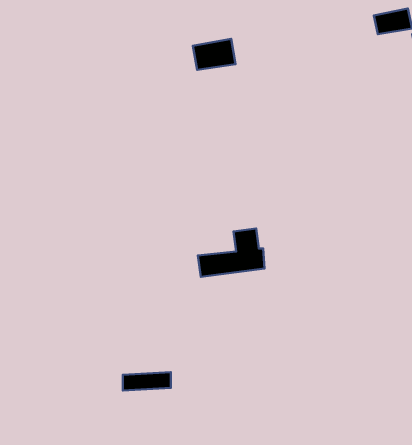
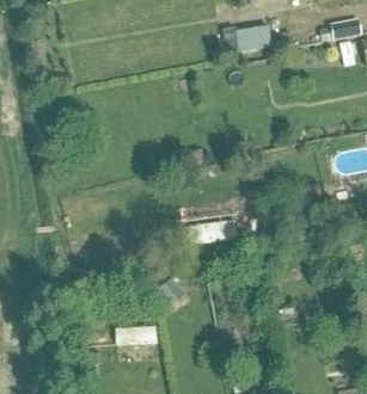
building: [193,39,235,70] -> [237,24,273,50]

